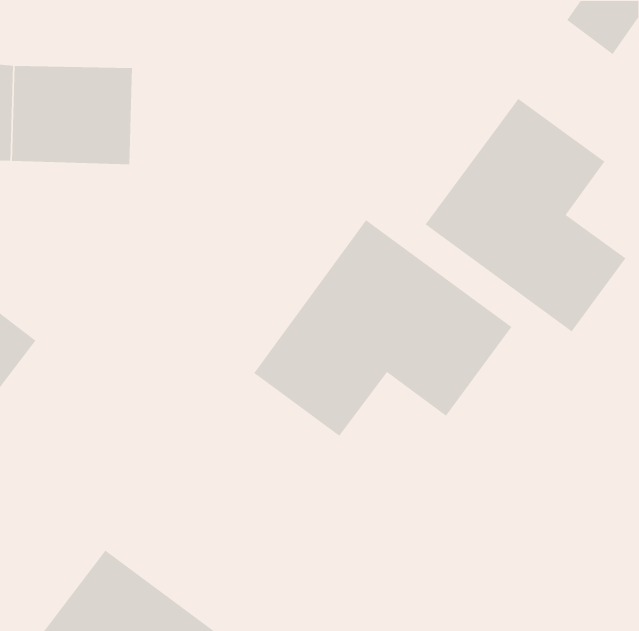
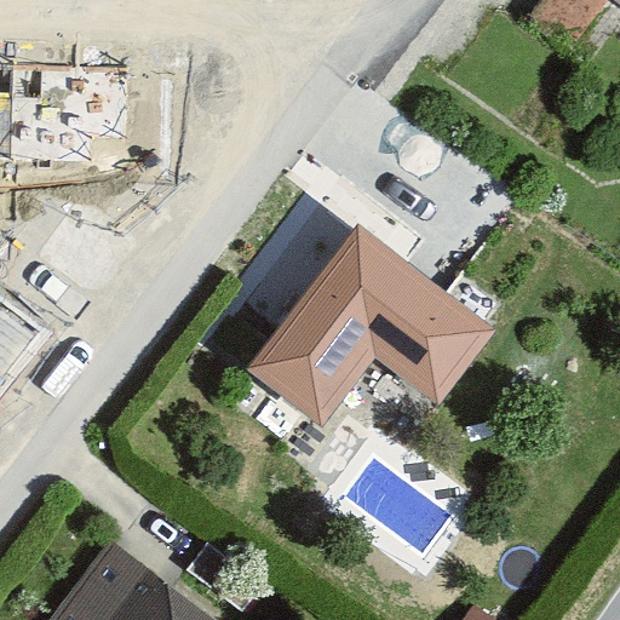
building: [425,98,626,333] -> none

